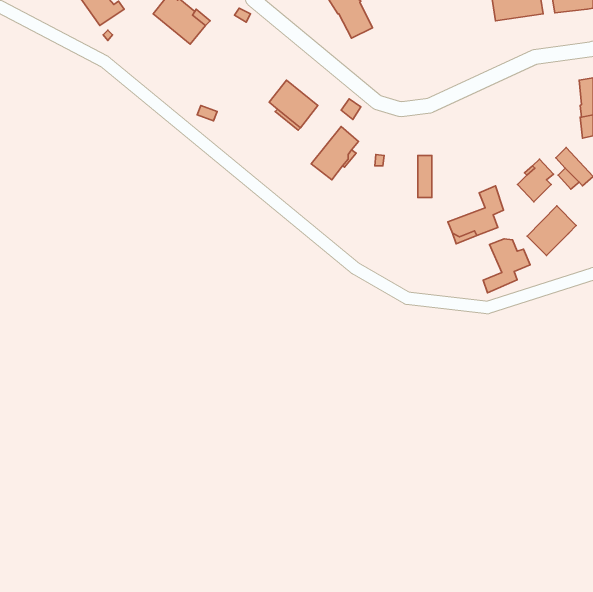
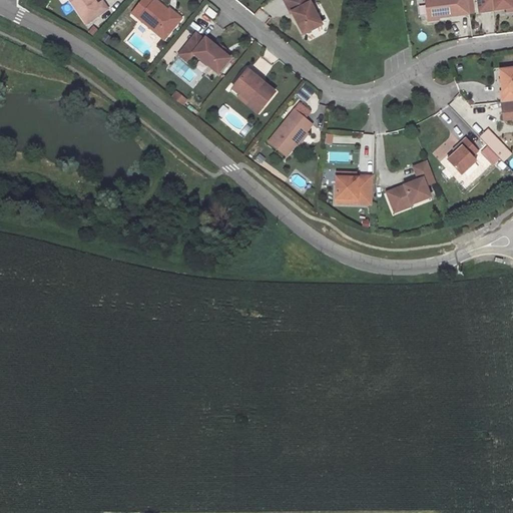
building: none -> [179,33,229,72]
building: none -> [336,174,373,203]
building: [527,206,576,256] -> none
building: [483,239,530,293] -> none

